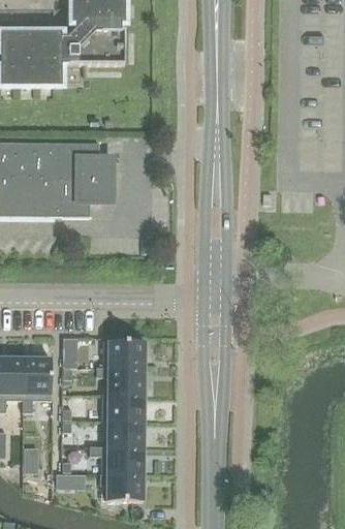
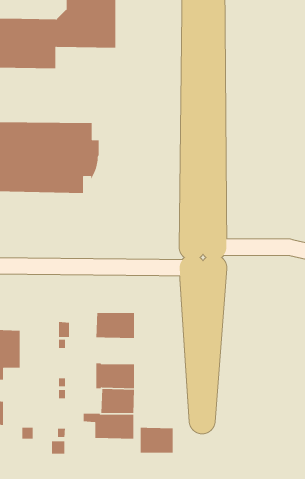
building: [23,359,51,412] -> none
building: [96,367,144,394] -> none
building: [101,472,143,500] -> [134,427,173,454]

